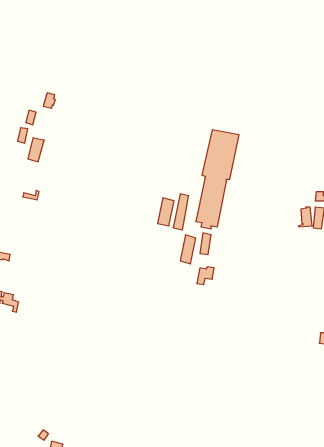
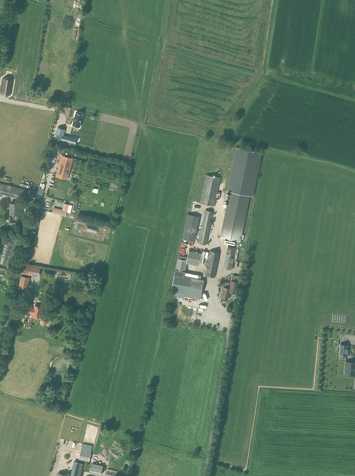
building: none -> [199,175,220,206]
building: none -> [169,251,203,298]

